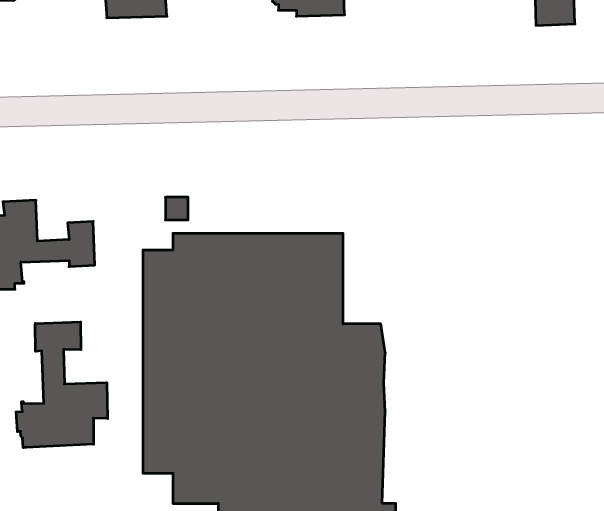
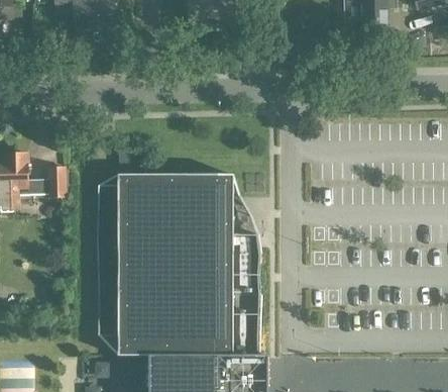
building: [16,322,108,448] -> none

